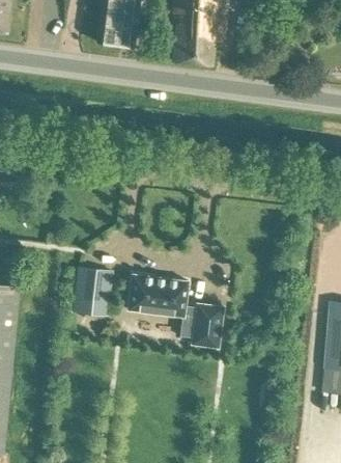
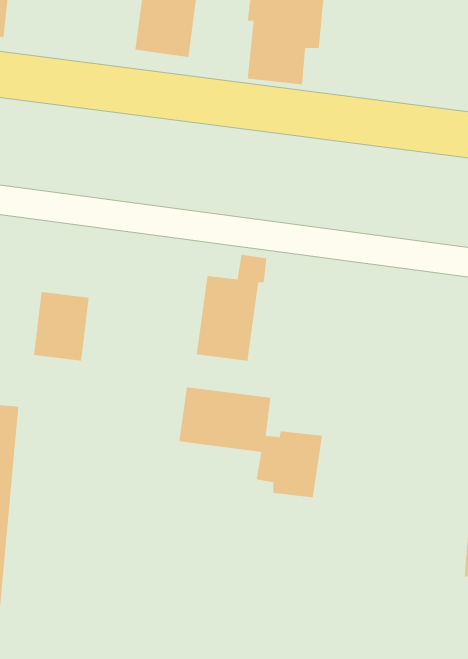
building: none -> [196,254,267,361]
building: [74,267,112,315] -> [33,291,89,361]

